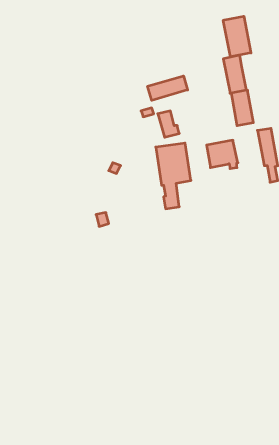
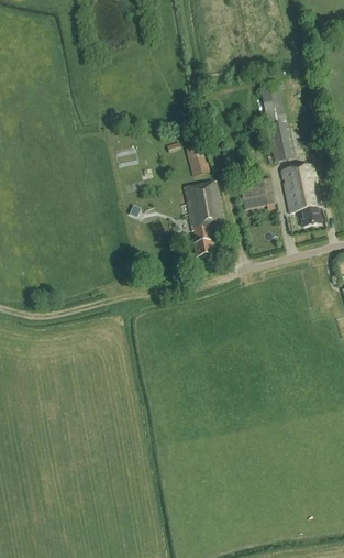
building: [223,16,251,57] -> none
building: [148,76,188,100] -> none
building: none -> [282,167,312,227]

